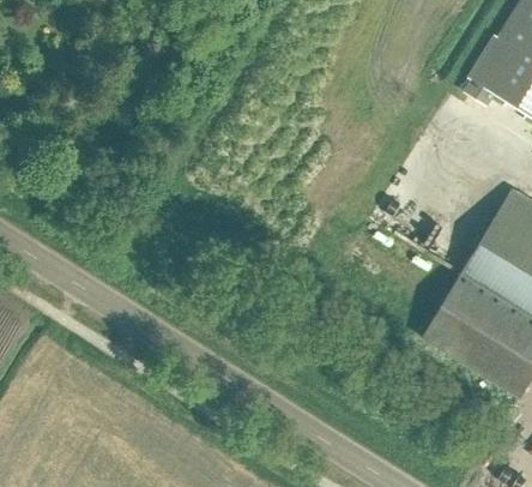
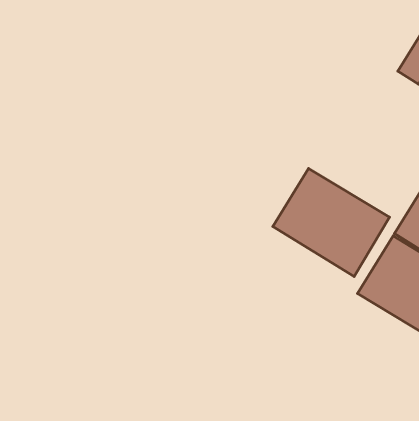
building: none -> [273,168,389,276]

